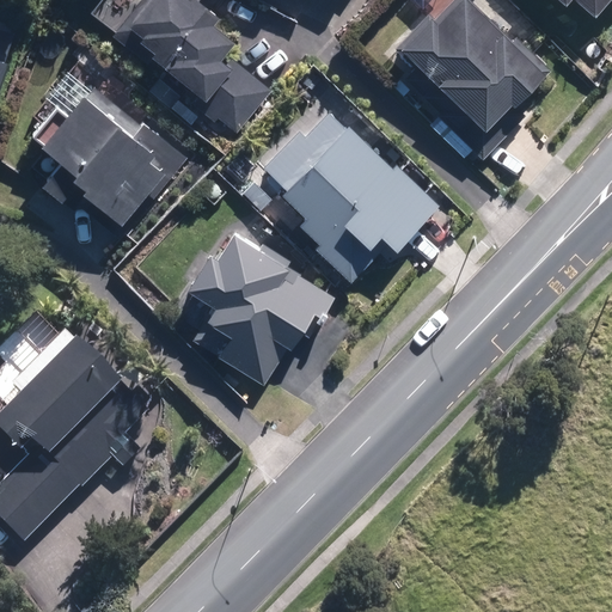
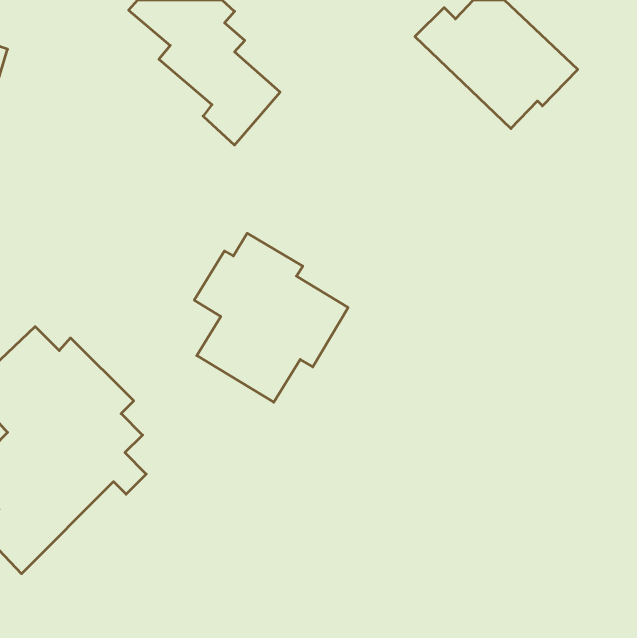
building: [31,88,189,220] -> none
building: [257,111,436,282] -> none

